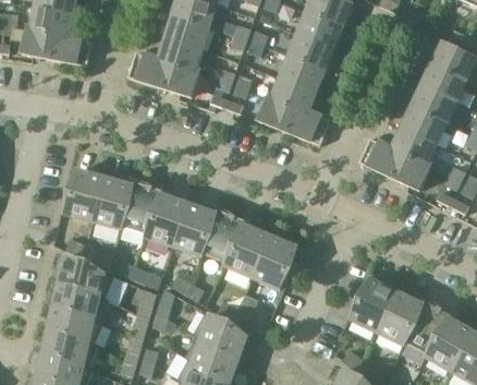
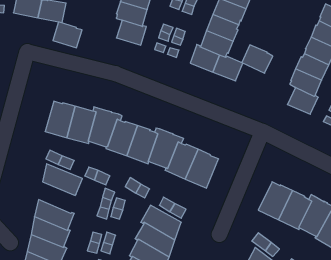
building: [127,51,167,86] -> [53,22,82,48]
building: [358,137,400,176] -> [242,45,273,73]
building: [54,279,108,322] -> none

